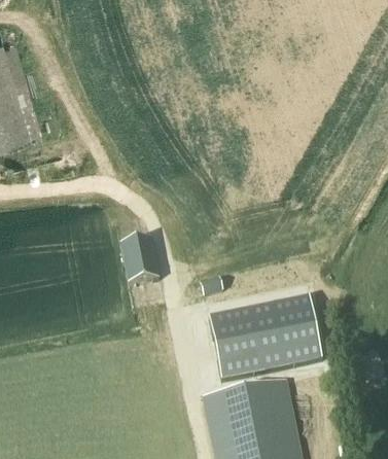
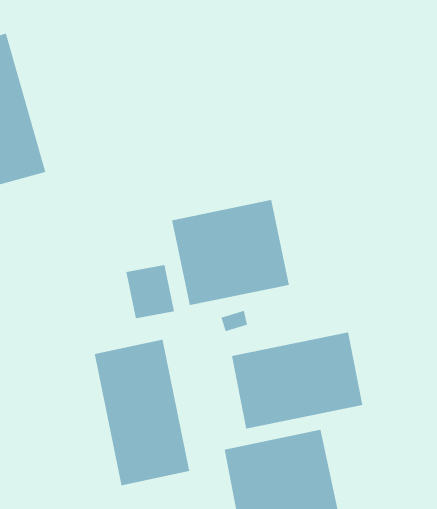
building: none -> [172,199,289,306]
building: none -> [94,339,190,486]

